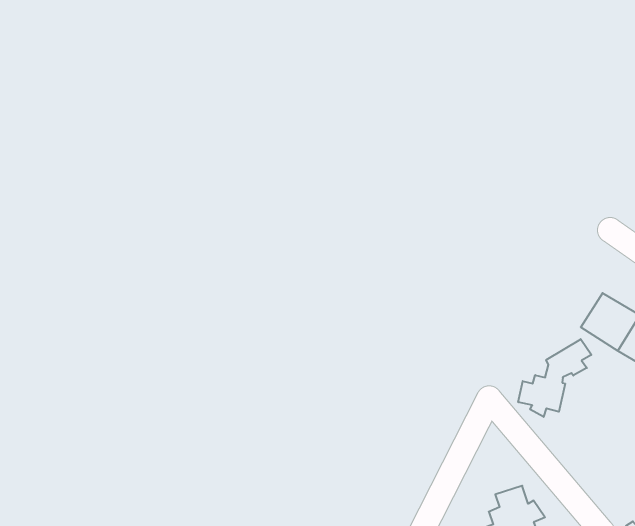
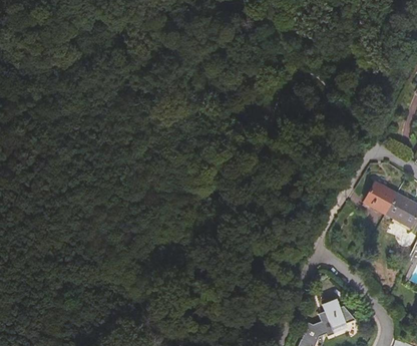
building: [518,339,591,417] -> none

